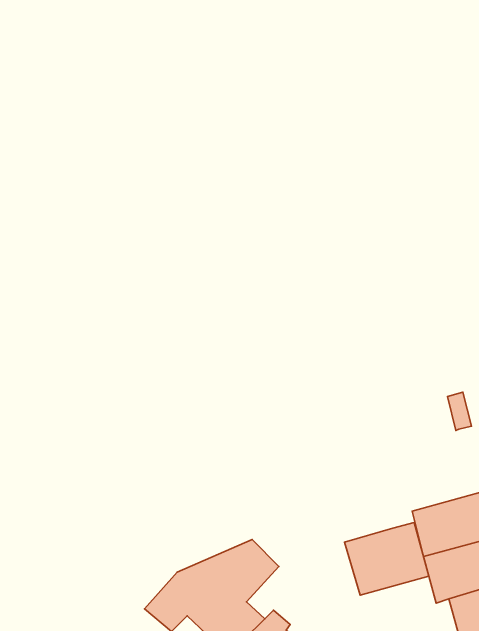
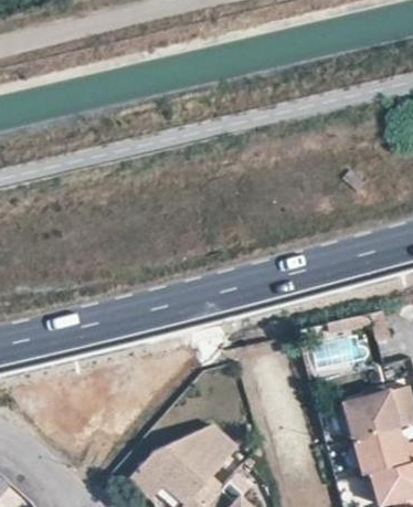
building: [344,522,429,595] -> none

